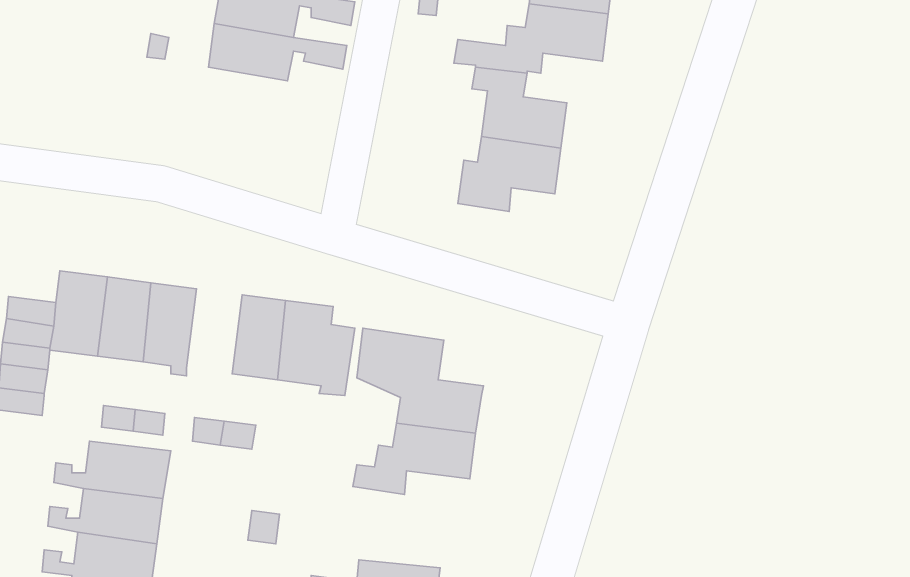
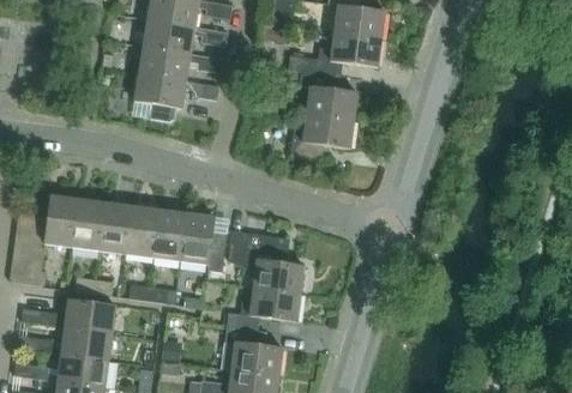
building: none -> [134,72,218,121]
building: none -> [126,206,159,258]
building: none -> [221,326,283,375]

